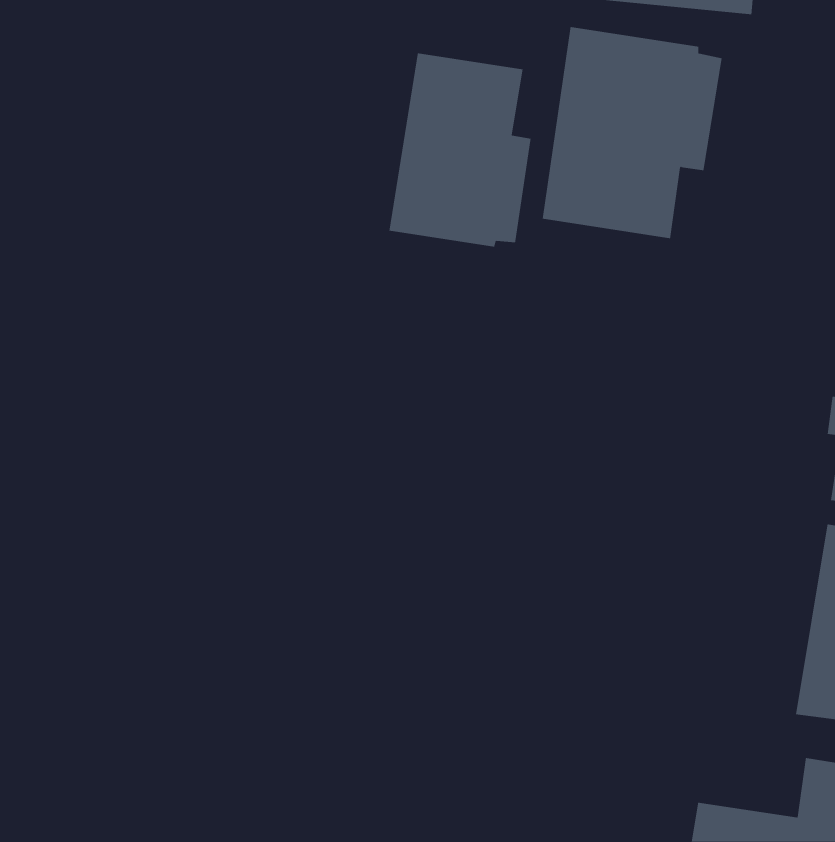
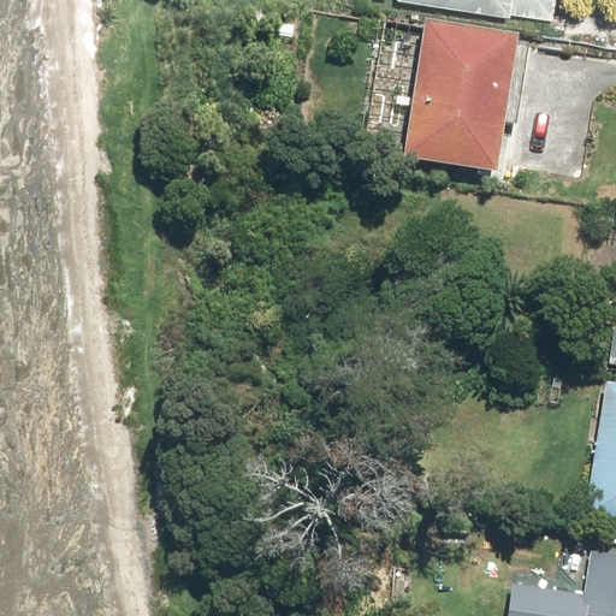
building: [389,52,531,248] -> none

